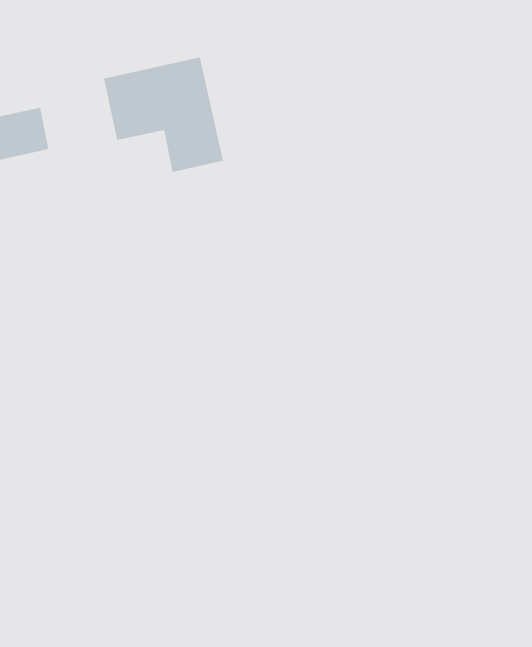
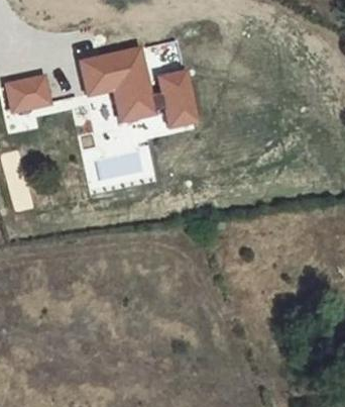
building: none -> [160,72,198,127]

